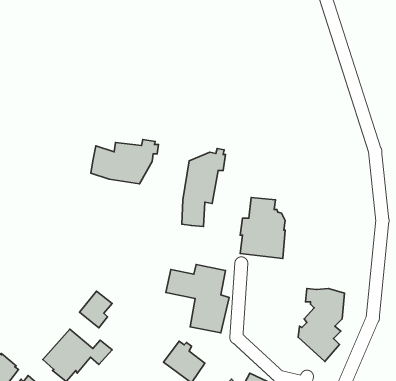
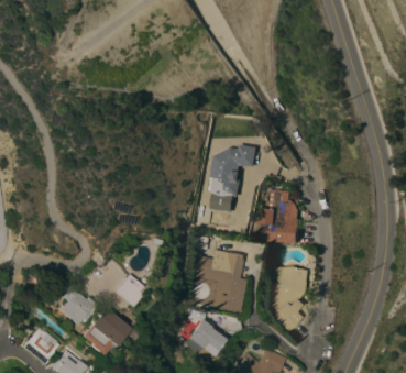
building: [91,140,159,184] -> none
building: [298,288,344,362] -> [267,267,309,333]
building: none -> [59,286,98,326]

